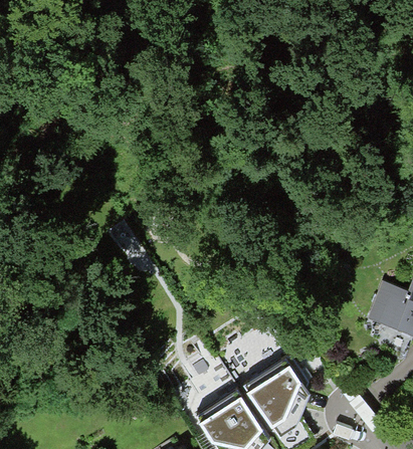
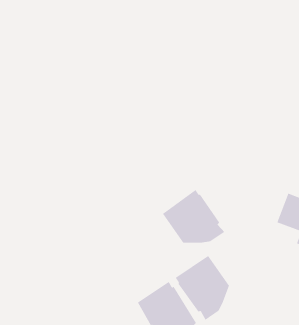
building: none -> [162,189,225,244]

